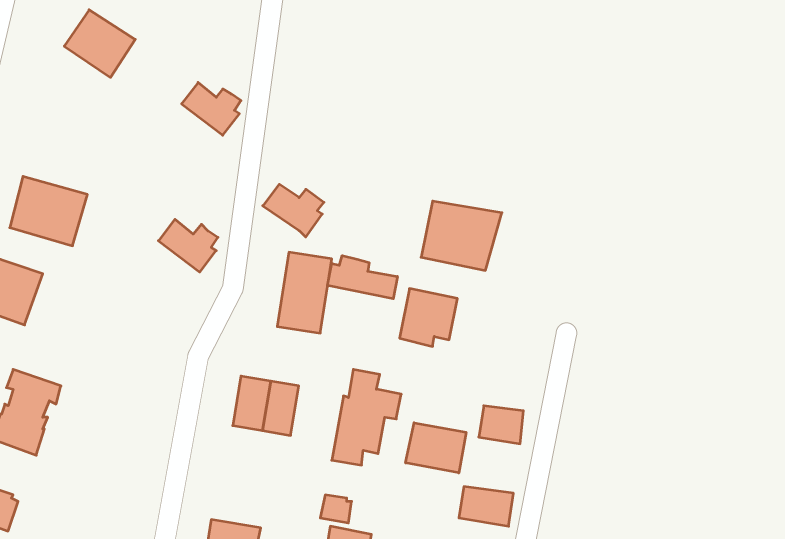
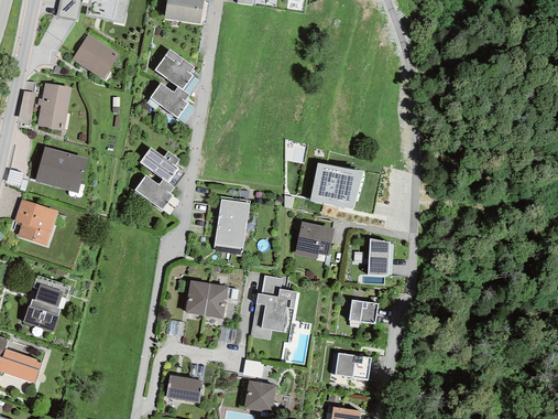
building: none -> [154,49,195,90]
building: none -> [36,83,70,129]
building: [263,184,324,237] -> [139,147,179,182]
building: [328,256,397,299] -> none
building: none -> [368,237,390,275]
building: [406,423,466,473] -> none

